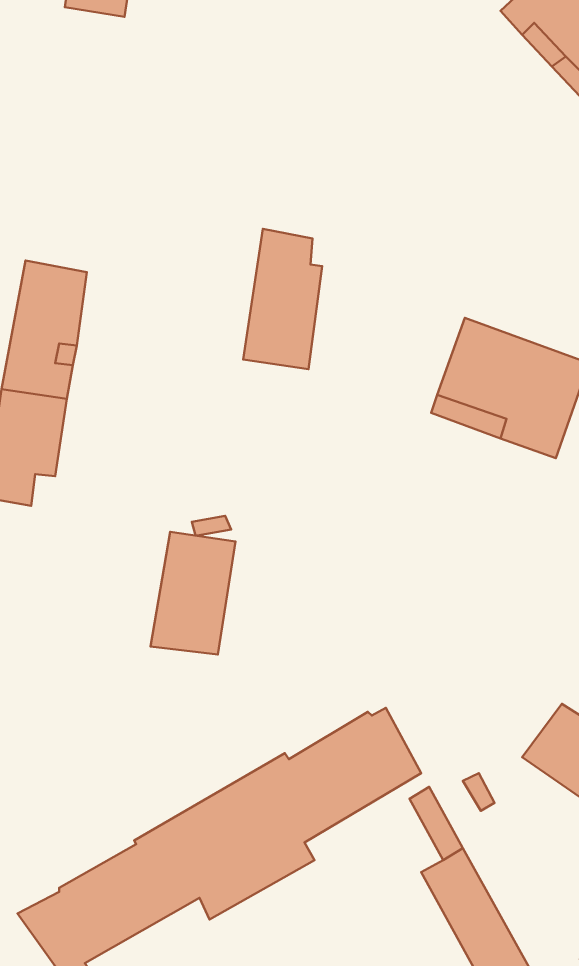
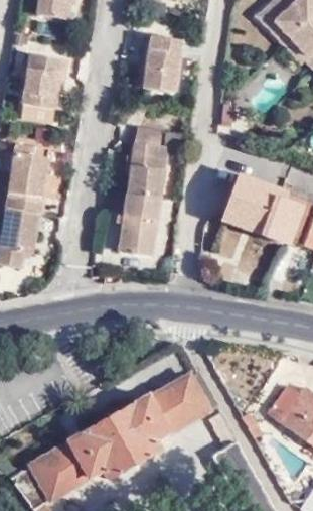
building: none -> [144,37,183,95]
building: none -> [19,55,61,125]
building: [150,532,236,654] -> [117,196,160,258]

